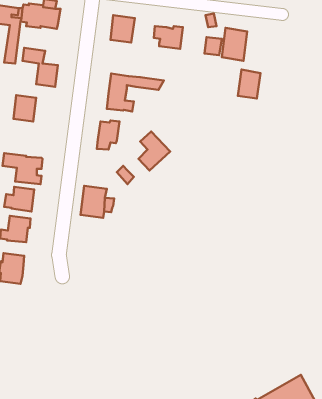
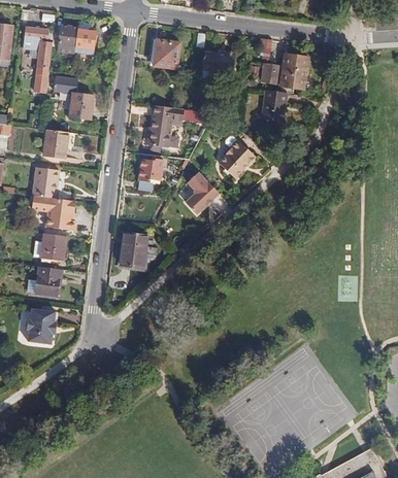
building: [238,69,260,99] -> [261,89,287,122]
building: none -> [218,135,254,177]
building: none -> [32,167,59,199]

